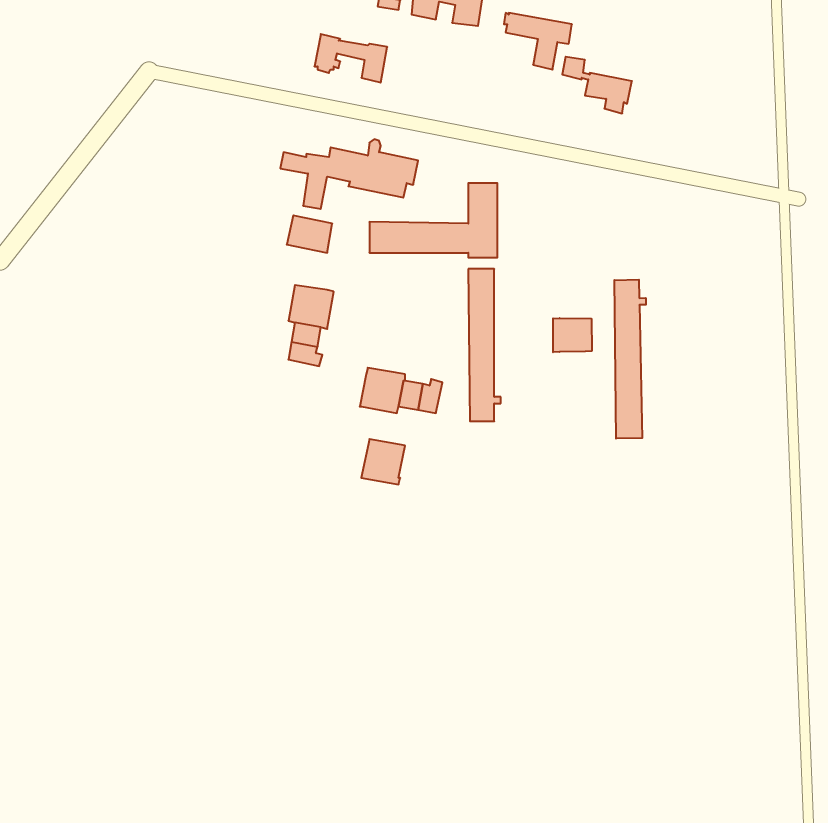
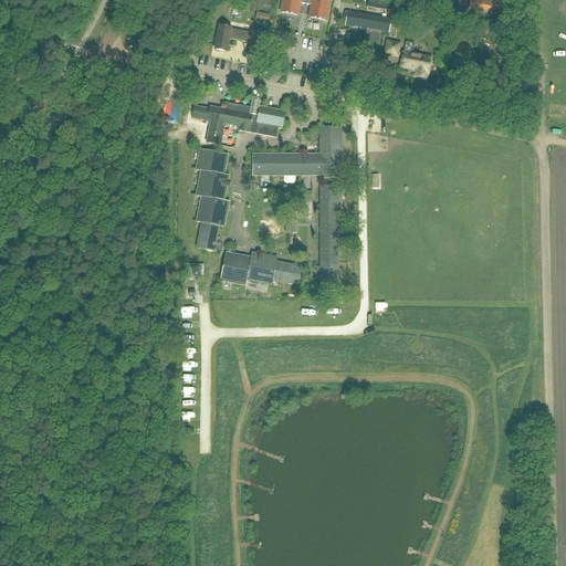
building: none -> [196,168,228,198]
building: [614,280,646,439] -> none
building: [553,318,592,352] -> none
building: [361,439,405,484] -> [220,251,250,282]

